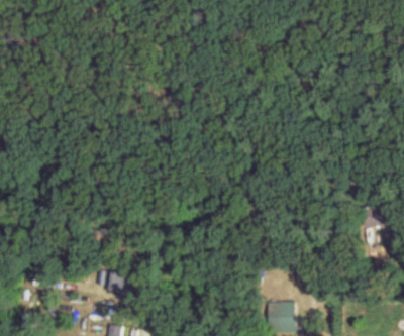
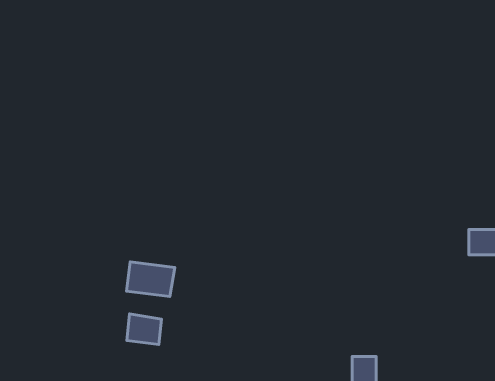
building: none -> [126,262,175,296]

